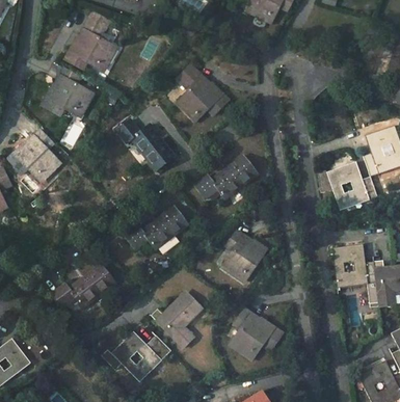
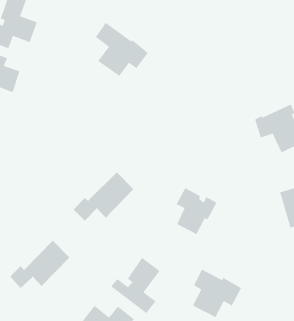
building: [117,117,176,170] -> none
building: [195,154,258,197] -> none

